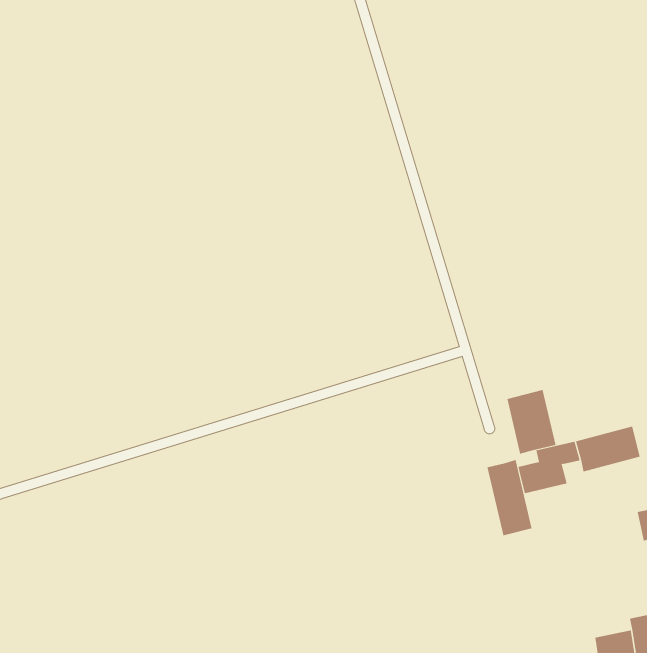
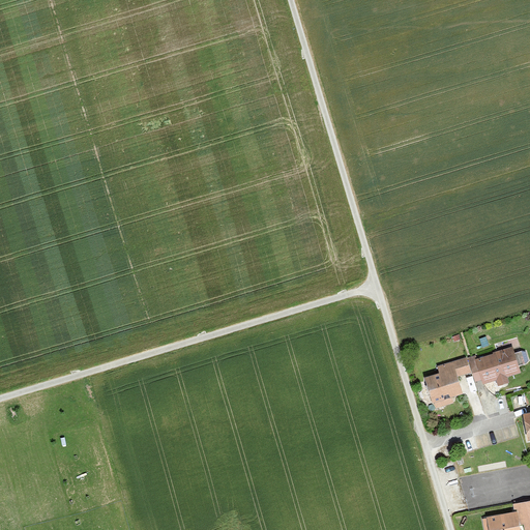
building: [507,389,556,454] -> none
building: [487,459,532,536] -> none

